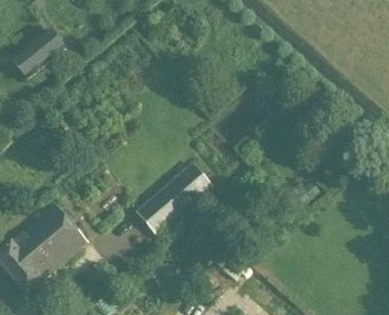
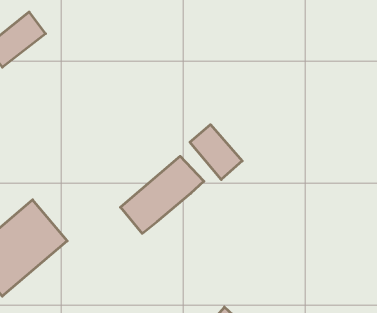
building: none -> [190,125,242,180]

